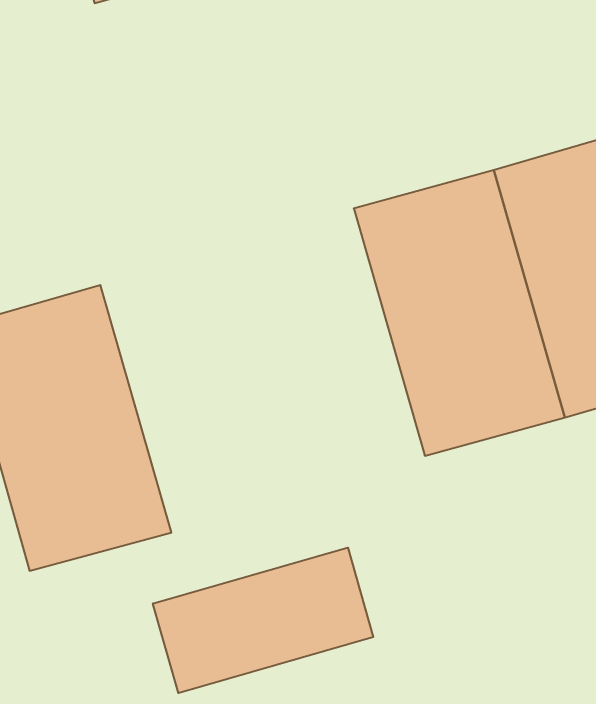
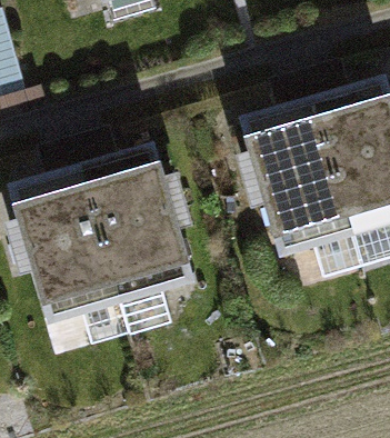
building: none -> [91,157,200,320]
building: [153,548,373,693] -> none

